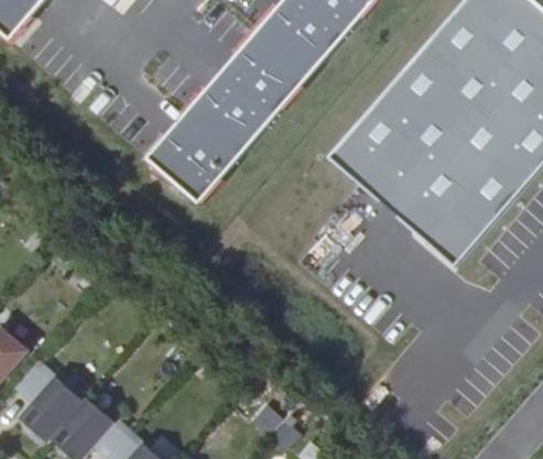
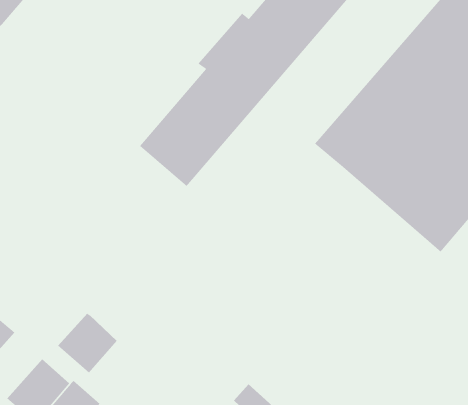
building: none -> [57,313,118,374]

